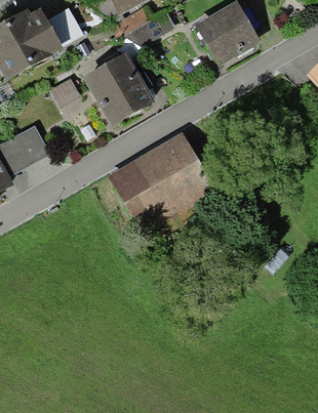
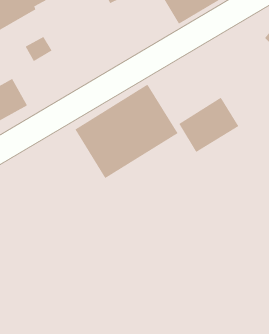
building: [83,52,154,126] -> none
building: none -> [179,97,239,153]

